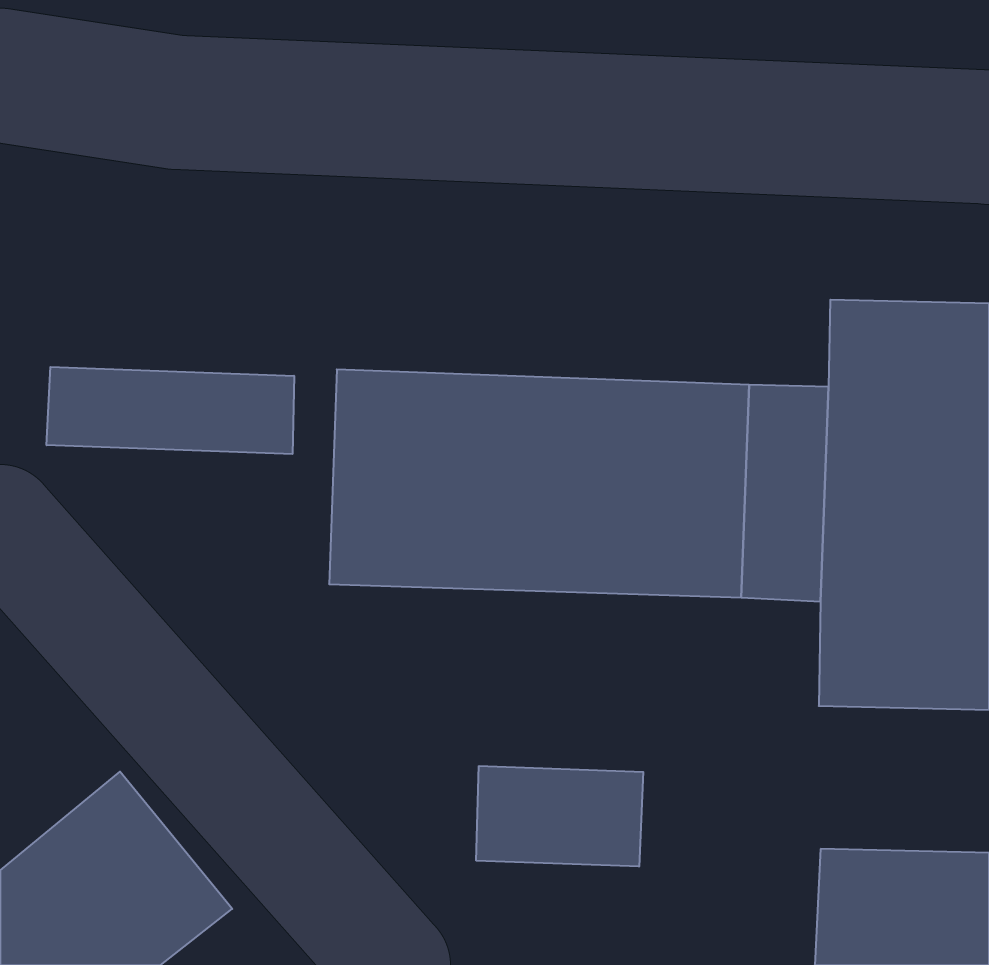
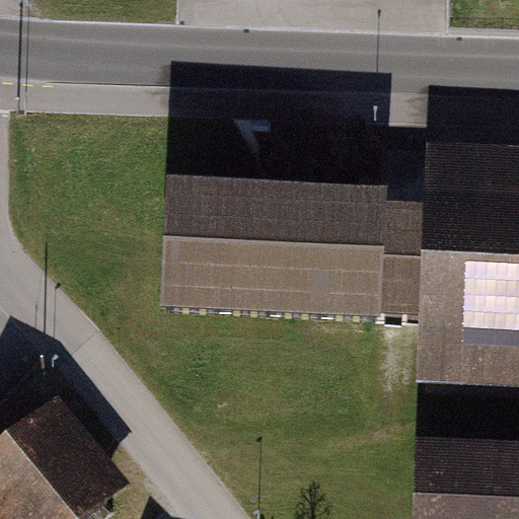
building: [47,367,294,454] -> none
building: [476,766,643,867] -> none

